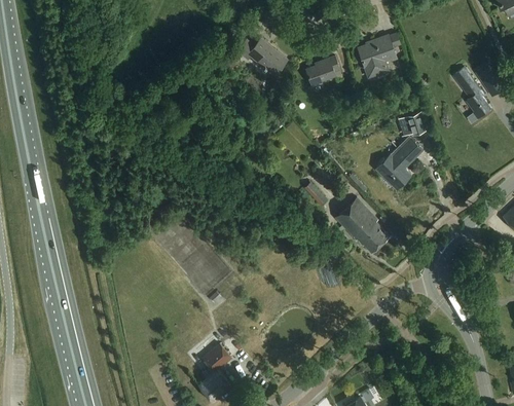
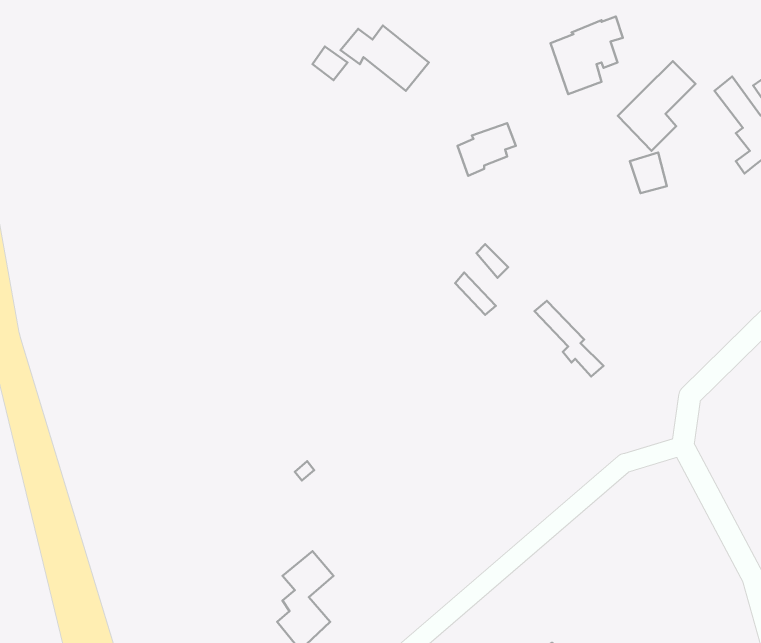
building: [306,56,340,86] -> [458,123,516,176]
building: [377,137,423,189] -> [618,61,696,151]
building: [335,204,382,253] -> none

